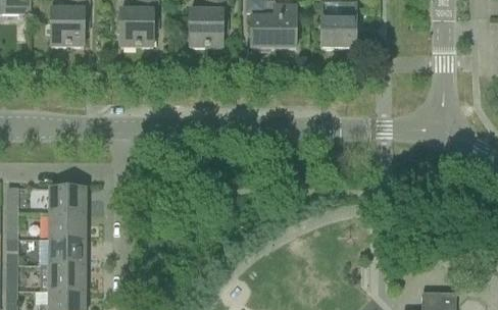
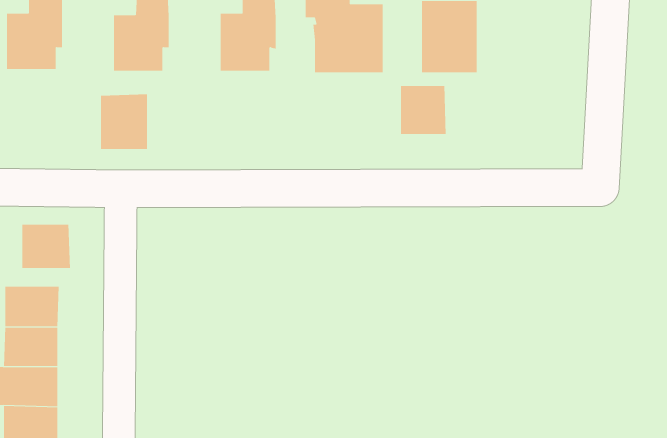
building: none -> [400,85,446,135]
building: none -> [101,94,148,150]
building: none -> [22,224,71,269]

